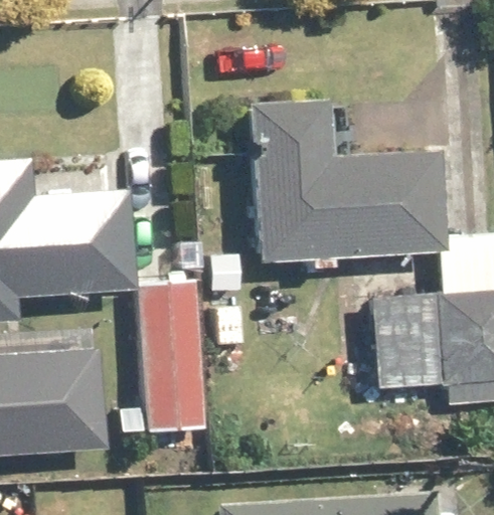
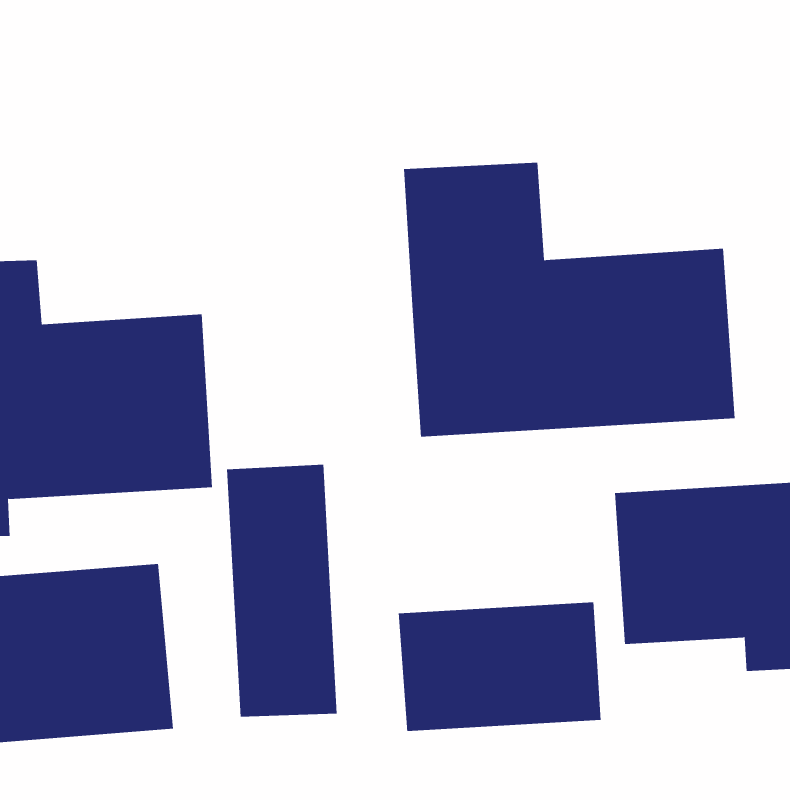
building: none -> [398,601,601,732]

